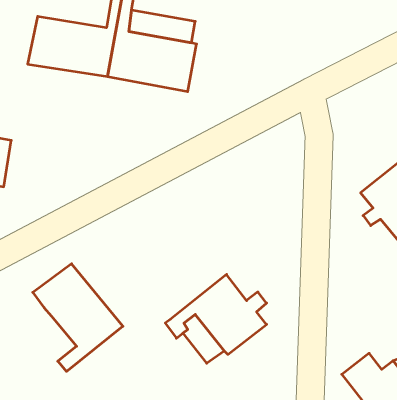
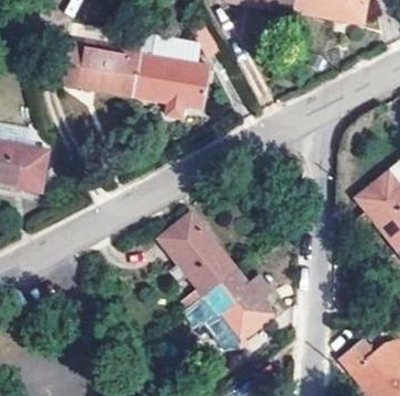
building: [33,264,123,371] -> [158,213,237,308]

